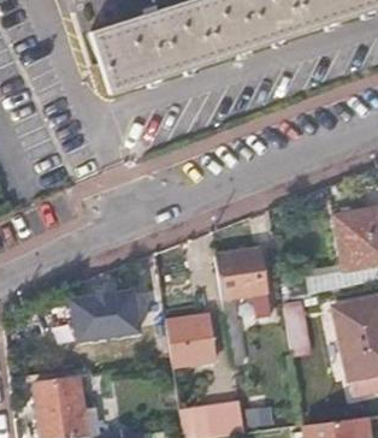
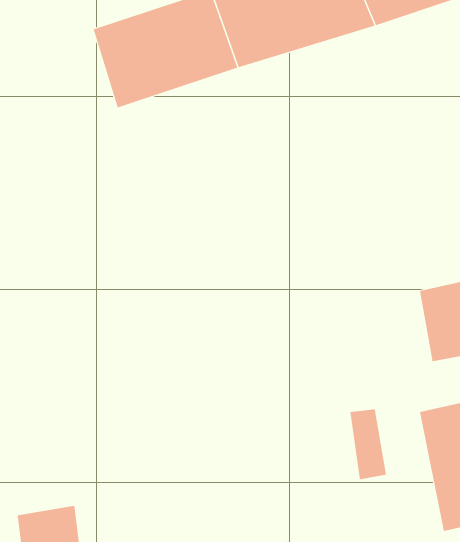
building: [215,249,268,367] -> none
building: [67,277,141,331] -> none
building: [165,315,214,368] -> none

